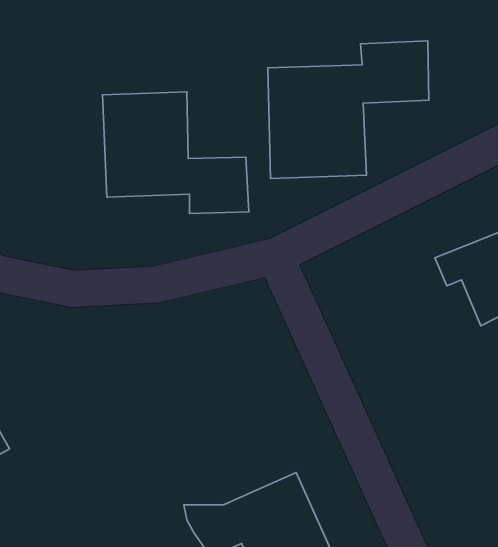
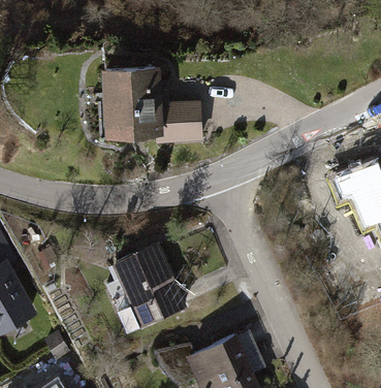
building: [268,41,429,179] -> none
building: none -> [112,246,185,336]

